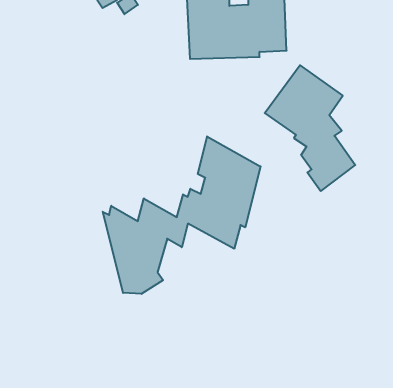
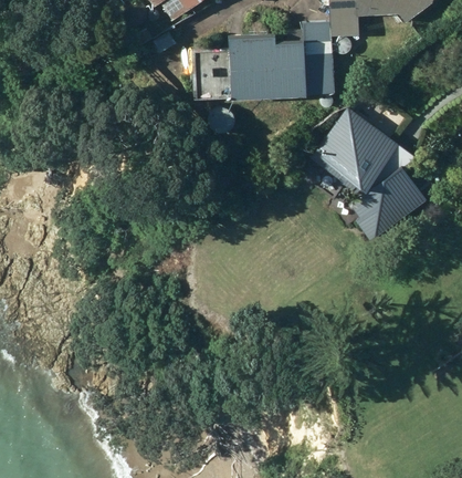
building: [103,136,261,294] -> none

